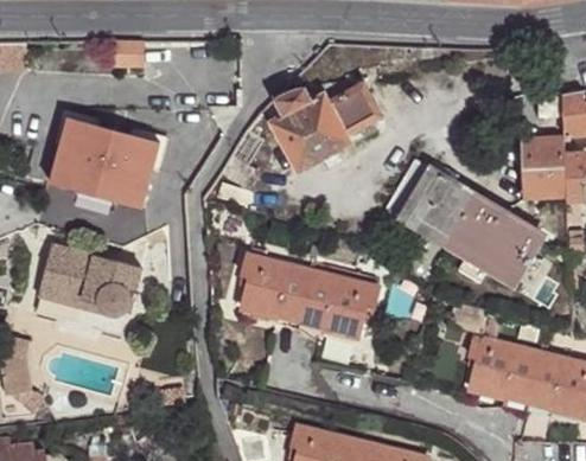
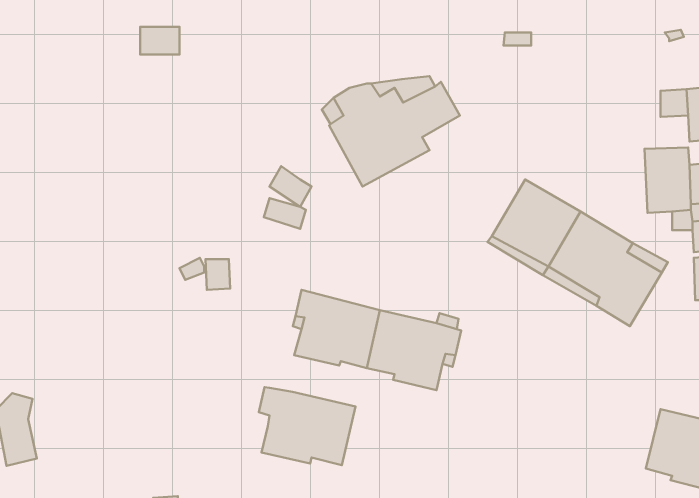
building: [23,117,160,207] -> none
building: [36,244,140,316] -> none
building: none -> [259,387,356,465]
building: [470,337,540,402] -> none

